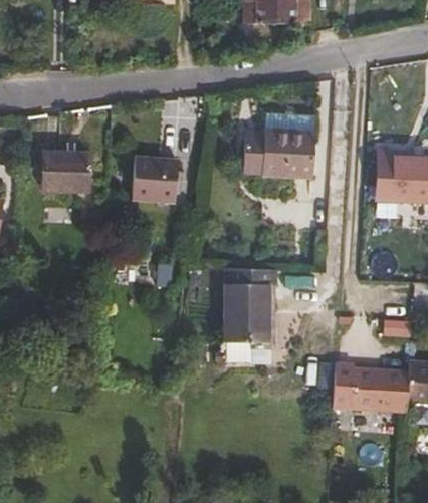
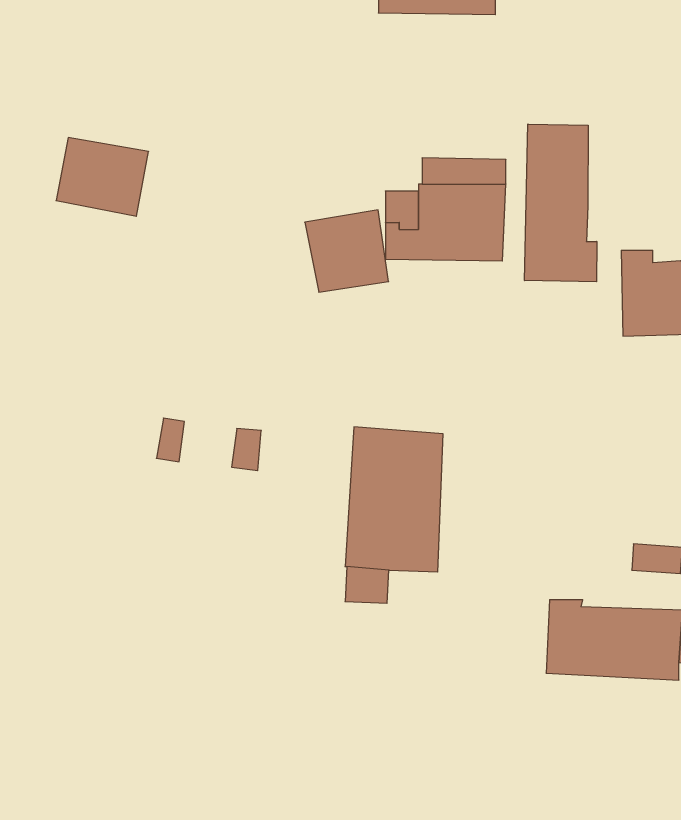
building: none -> [525,124,597,282]
building: [32,141,85,186] -> [56,138,149,216]
building: [131,158,179,205] -> [305,210,389,292]

